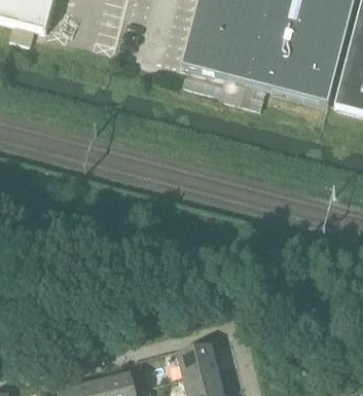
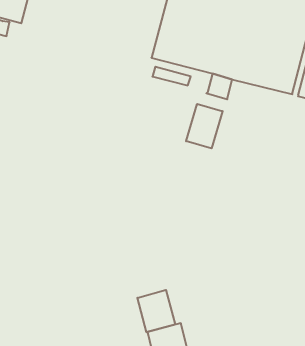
building: none -> [186,104,223,148]
building: none -> [137,290,175,332]

